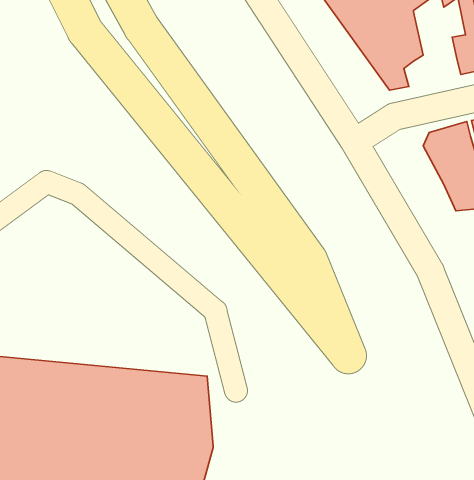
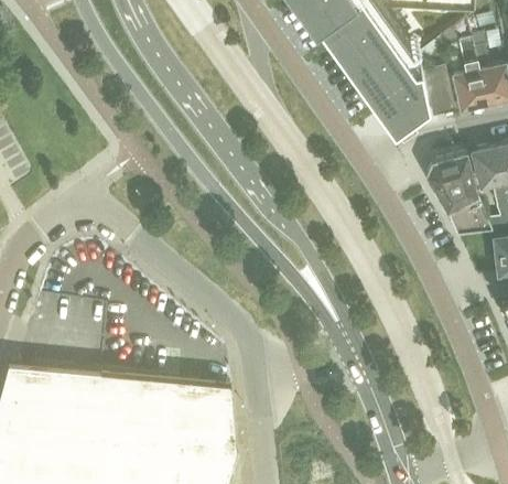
building: none -> [422,66,454,118]

